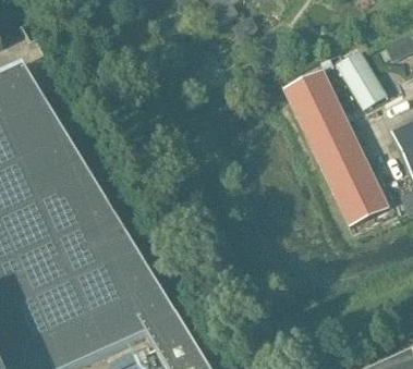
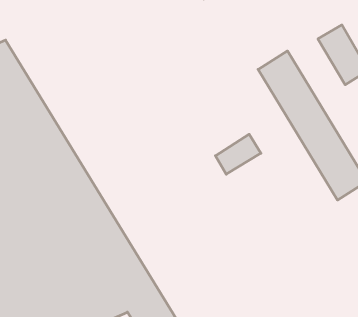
building: none -> [215,134,261,174]

